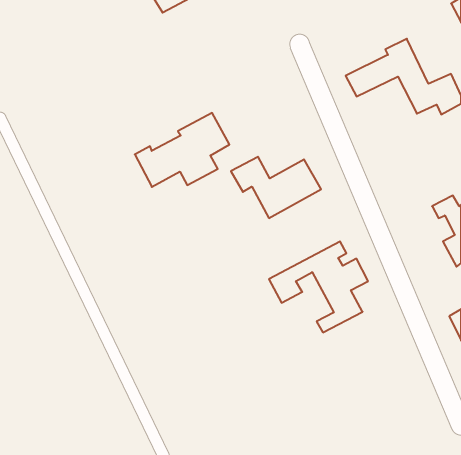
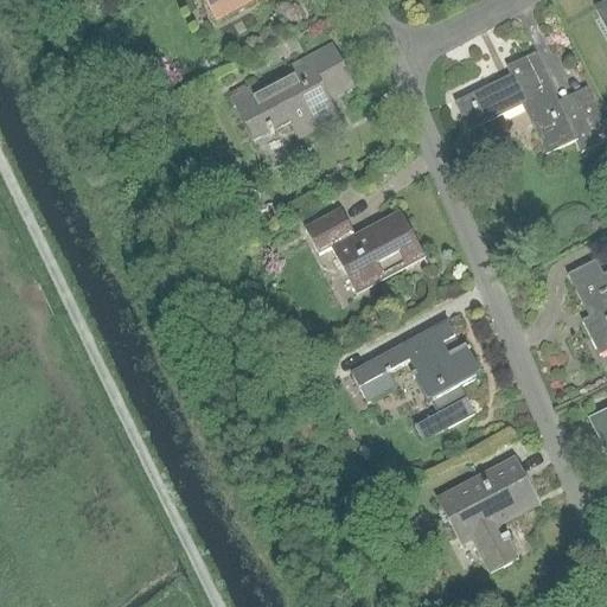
building: [135,113,229,187] -> [229,40,353,138]
building: none -> [437,455,535,570]

